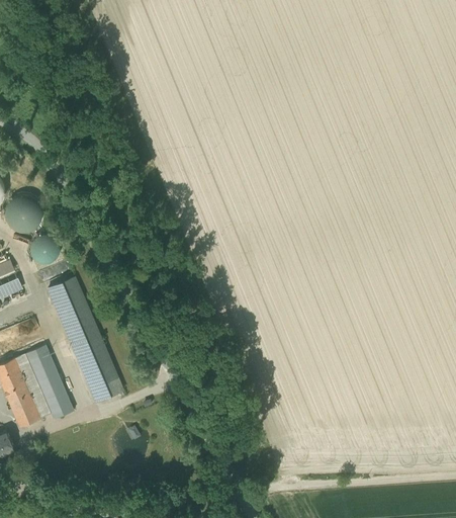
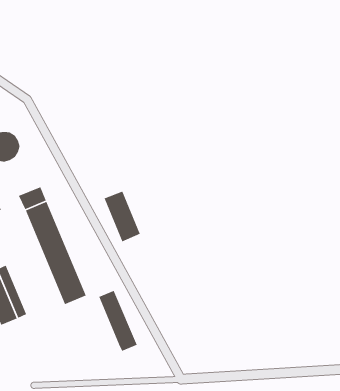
building: [30,234,60,264] -> none
building: none -> [103,191,141,242]
building: [26,346,74,420] -> [98,290,138,352]

